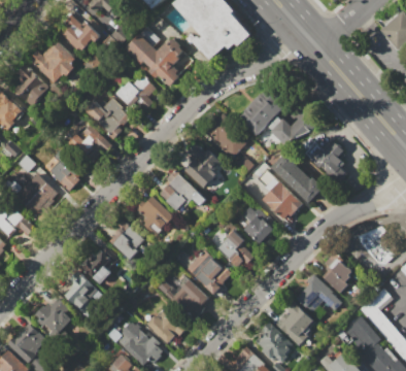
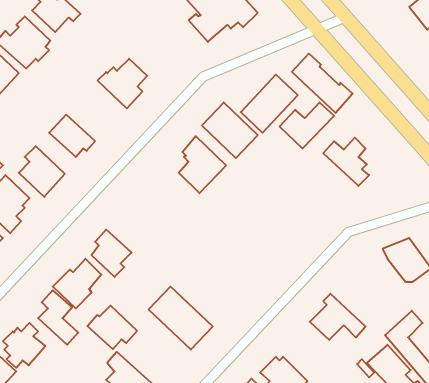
building: [123,32,183,87] -> none
building: [86,98,132,138] -> none
building: [271,153,323,203] -> [292,54,353,113]
building: [257,170,302,222] -> none
building: [160,175,205,215] -> none
building: [130,197,174,237] -> none
building: [242,207,277,243] -> none
building: [217,231,255,268] -> none
building: [187,248,232,296] -> none
building: [323,255,352,293] -> none
building: [277,301,316,344] -> none
building: [146,307,189,344] -> [87,306,137,349]

